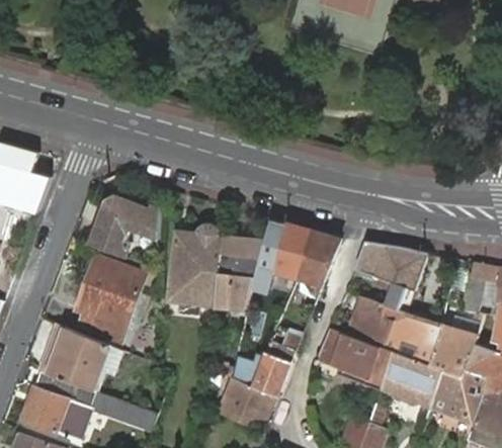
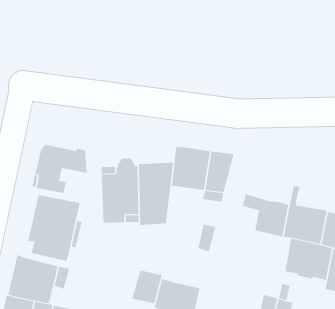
building: [354,242,427,310] -> none
building: [316,329,394,390] -> none
building: [249,353,290,396] -> [131,270,162,304]

